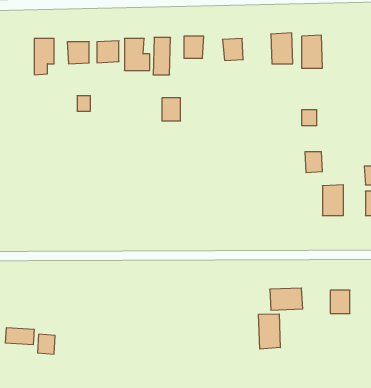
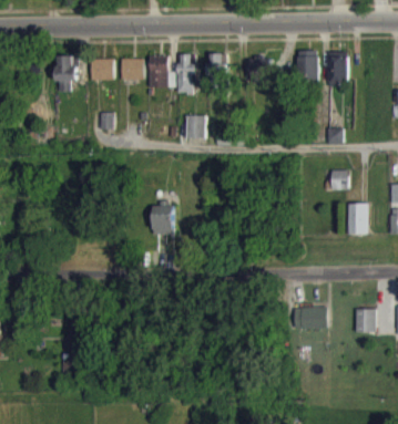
building: none -> [154,205,175,235]
building: [259,314,280,349] -> none
building: [5,328,34,345] -> none

